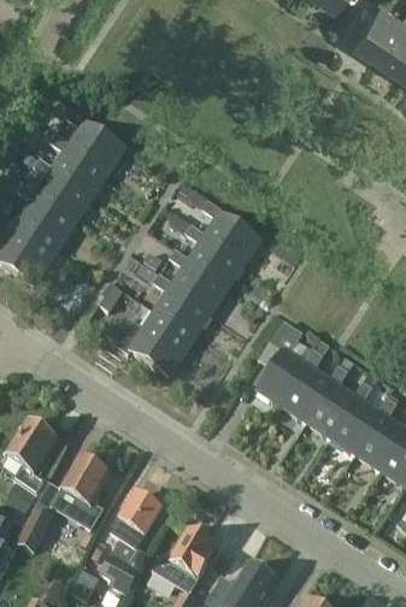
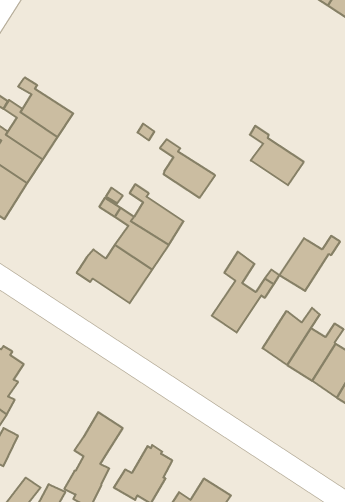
building: [66,110,124,172] -> none
building: [186,224,243,288] -> [250,126,304,185]
building: [283,365,348,424] -> [279,236,340,291]
building: [53,456,107,528] -> none

